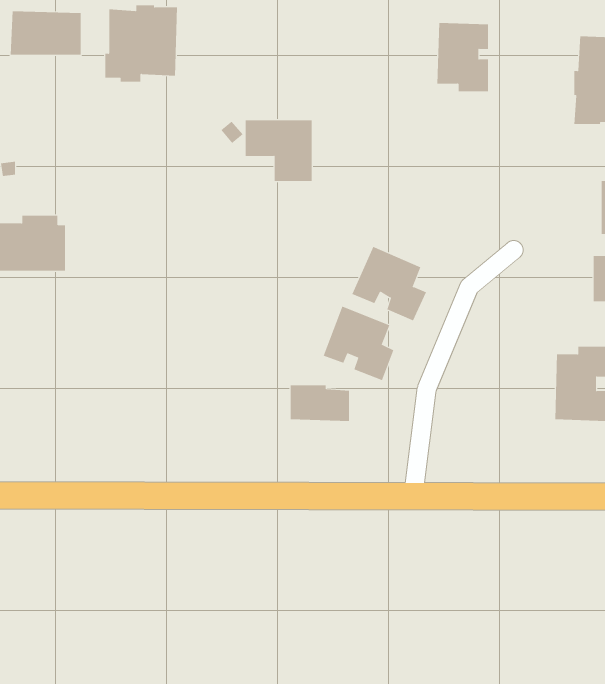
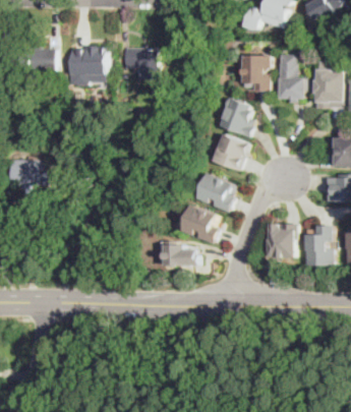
building: none -> [277,54,304,102]
building: none -> [220,96,254,136]
building: [245,120,313,181] -> [122,48,158,80]
building: none -> [214,133,250,170]
building: none -> [268,222,296,257]

